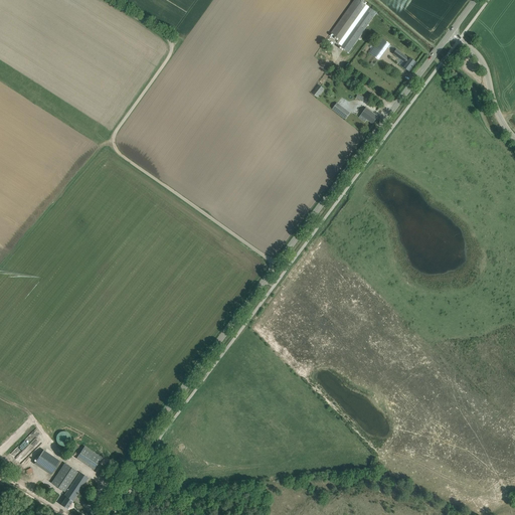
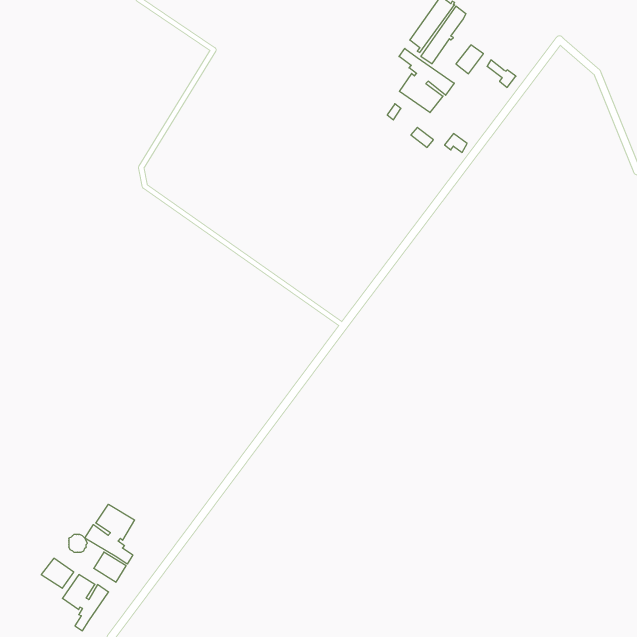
building: none -> [399,48,454,113]
building: none -> [85,504,135,564]

